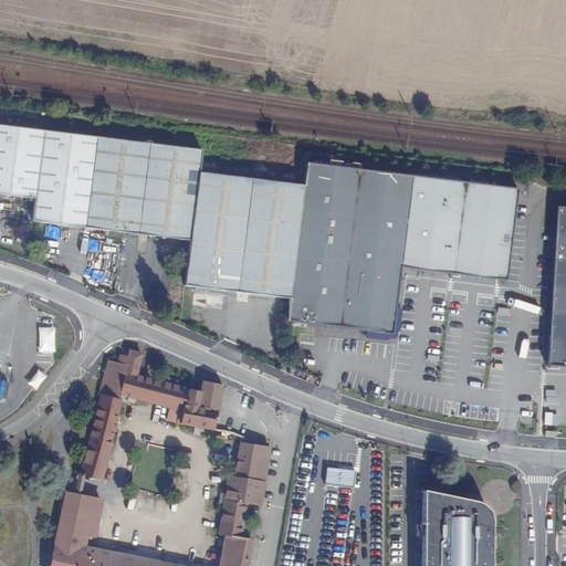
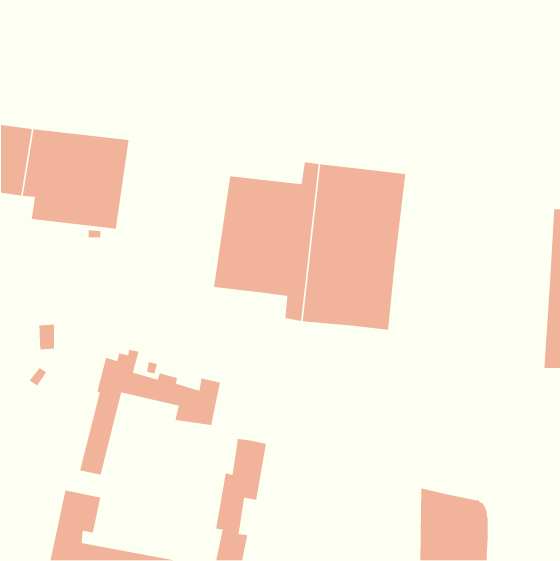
building: [118,140,232,290] -> none
building: [399,175,518,282] -> none
building: [327,467,358,488] -> none

